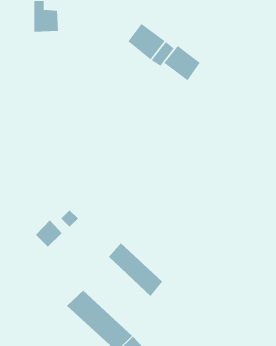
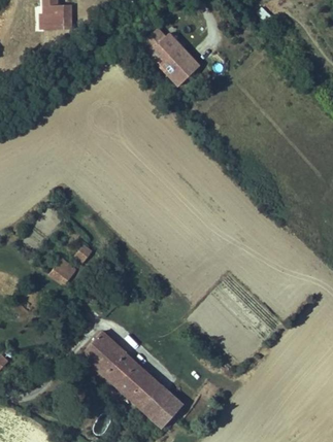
building: [163,45,201,81] -> none
building: [108,242,163,297] -> none

